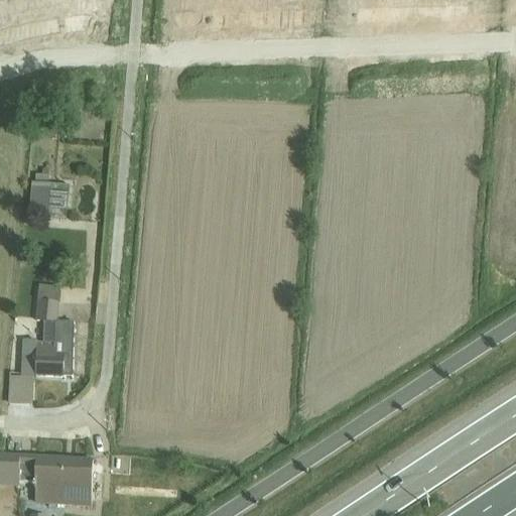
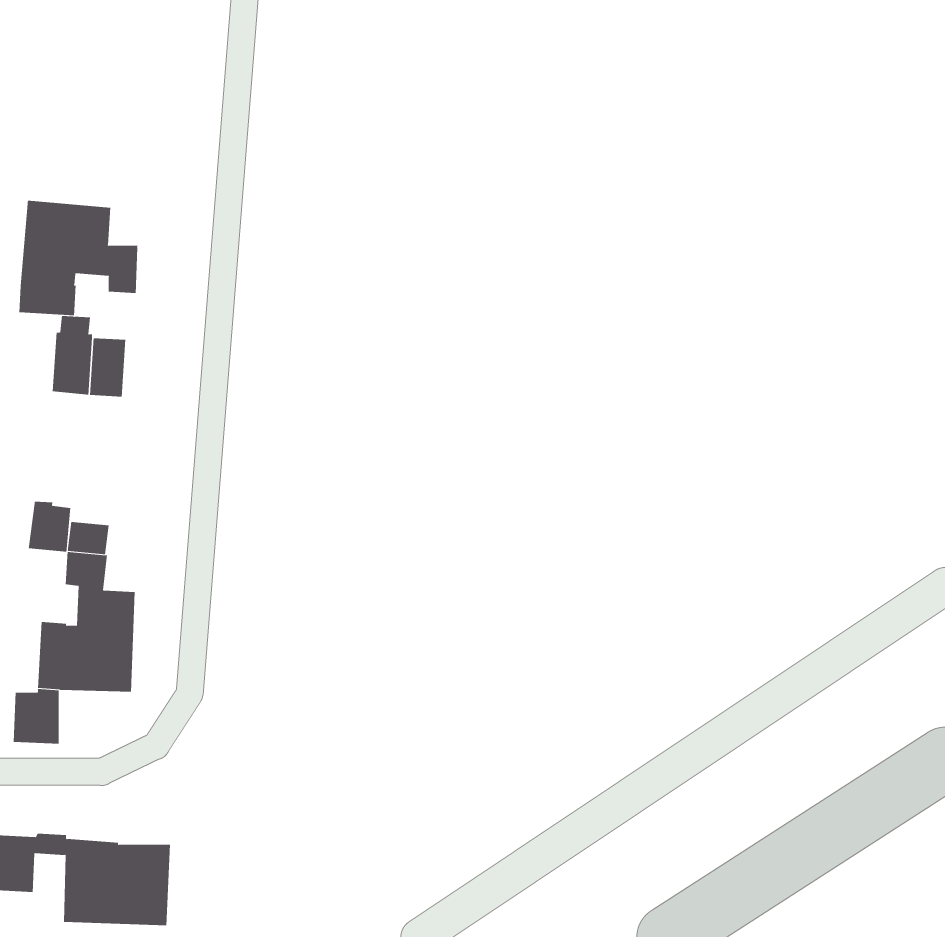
building: none -> [19,200,138,316]
building: none -> [28,501,71,552]

